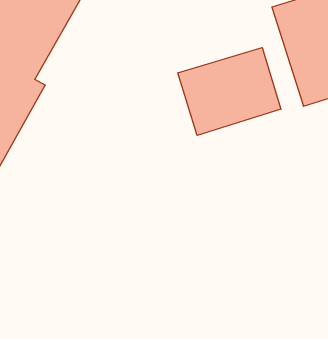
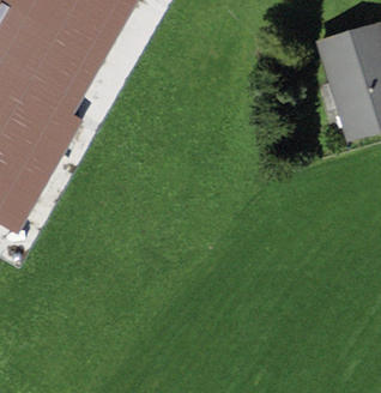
building: [178,48,281,135] -> none

